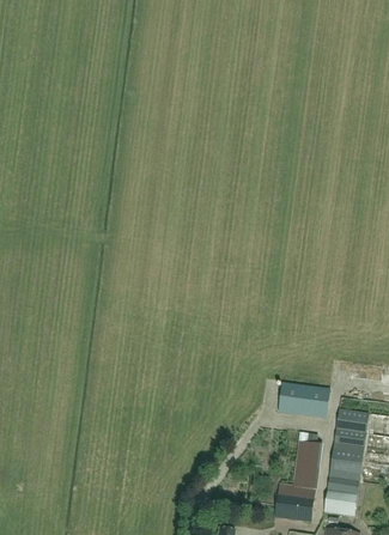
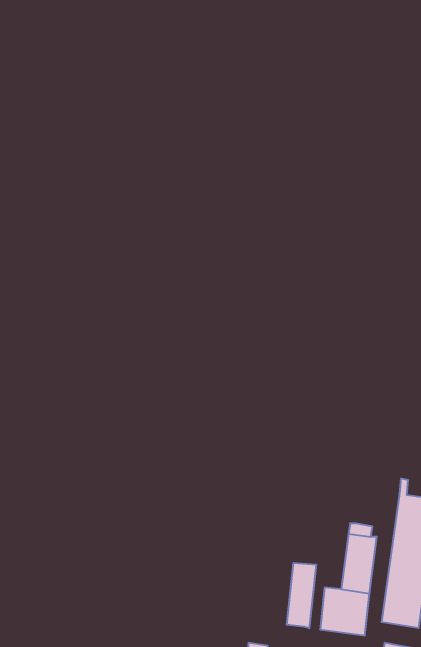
building: [278,381,329,418] -> none
building: none -> [287,563,316,628]

